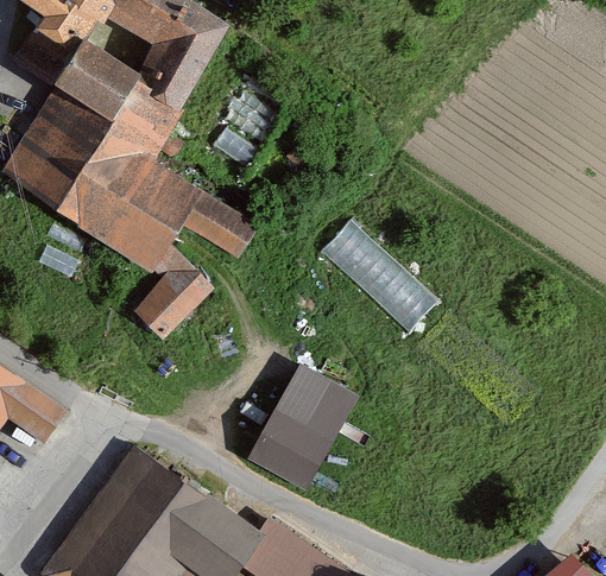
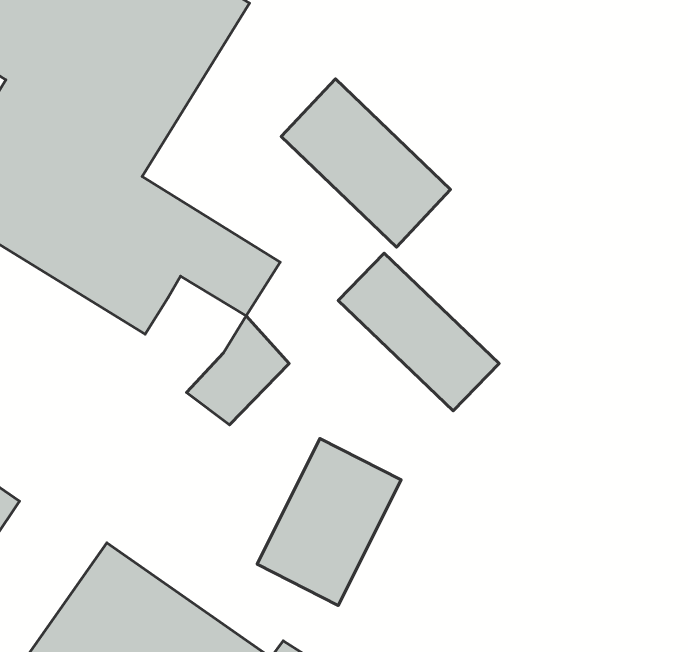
building: none -> [281,79,451,247]
building: [133,252,213,336] -> [187,316,289,425]

